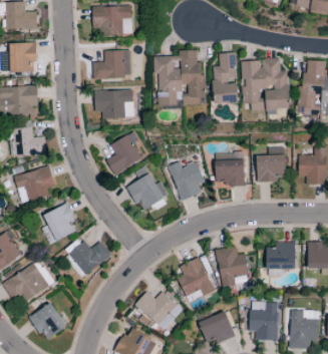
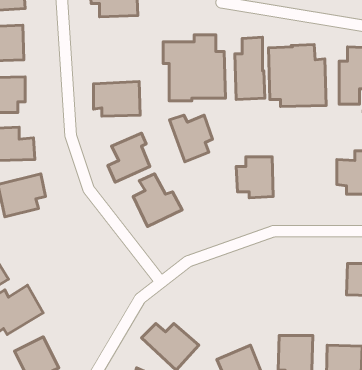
building: [93,50,131,78] -> none
building: [257,154,286,182] -> none
building: [169,161,205,201] -> [169,115,213,162]
building: [43,204,78,244] -> none
building: [66,241,112,278] -> none
building: [267,242,296,268] -> none
building: [217,247,250,286] -> none
building: [179,257,215,302] -> none

